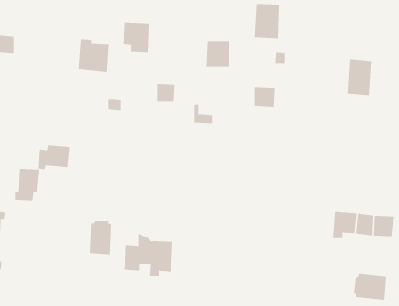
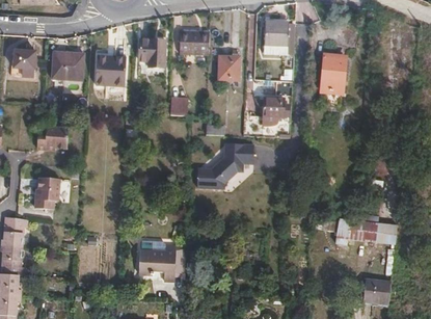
building: none -> [179,31,209,55]
building: none -> [53,52,84,77]
building: [347,59,372,96] -> [321,56,345,91]
building: none -> [197,140,255,187]
building: [38,145,70,170] -> [38,126,70,150]
building: [90,220,111,255] -> none

